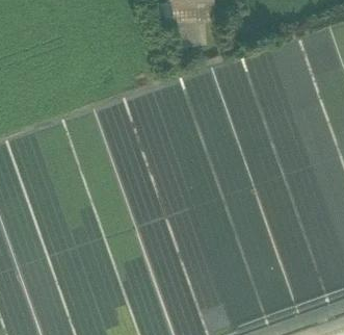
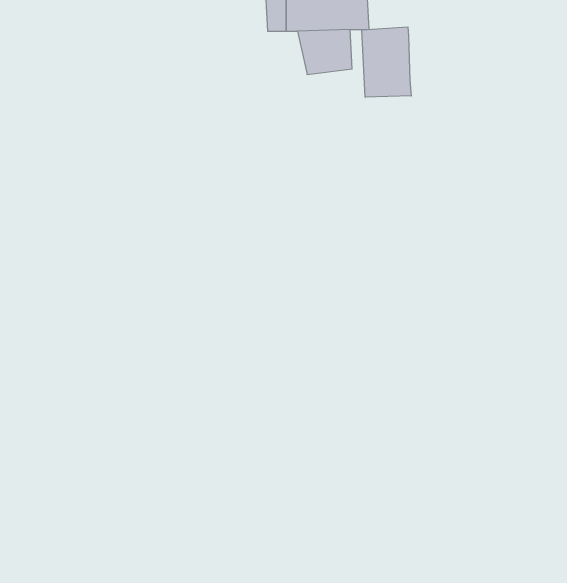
building: none -> [362,27,411,97]

